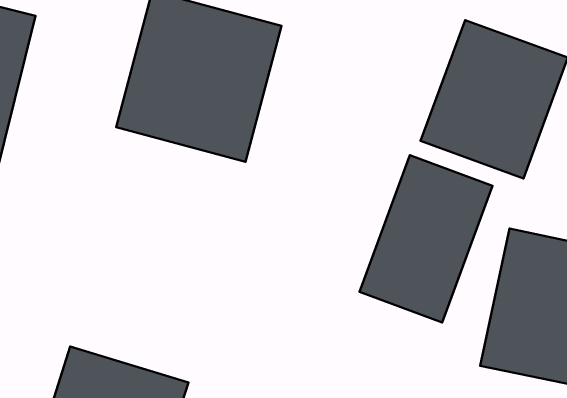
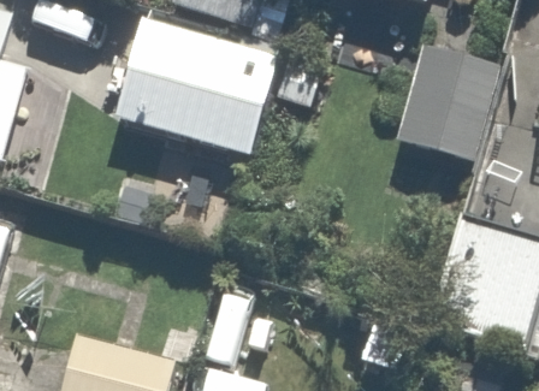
building: [359,155,493,323] -> none

